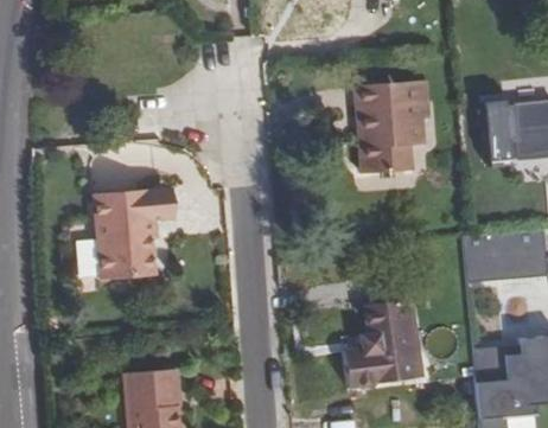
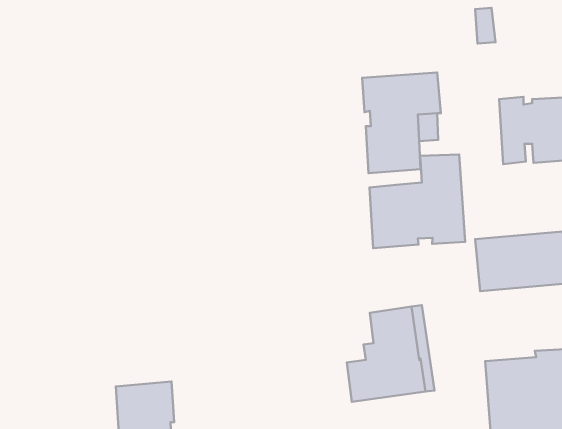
building: none -> [369,155,465,248]
building: [94,189,166,276] -> none

